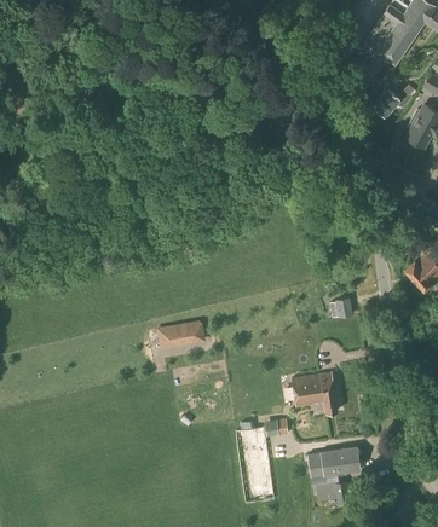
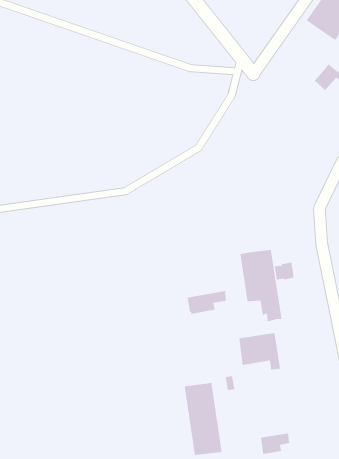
building: none -> [240,249,282,322]
building: [160,322,202,347] -> [187,291,227,315]
building: [309,446,362,477] -> none

